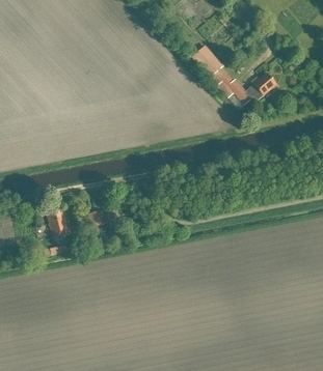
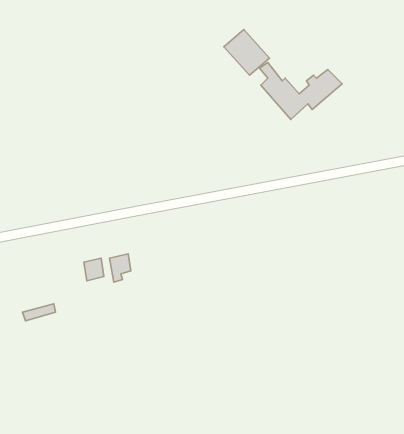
building: [47,210,70,238] -> none

